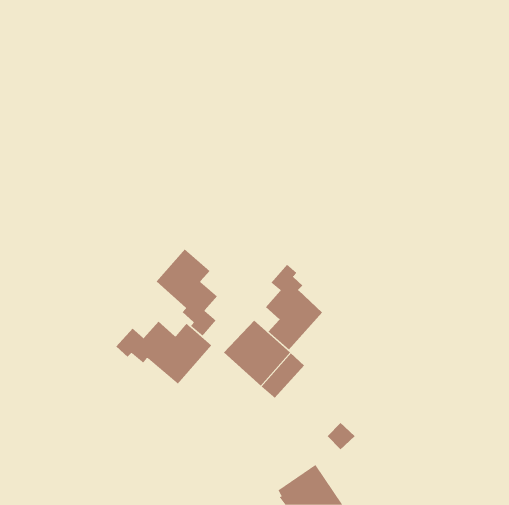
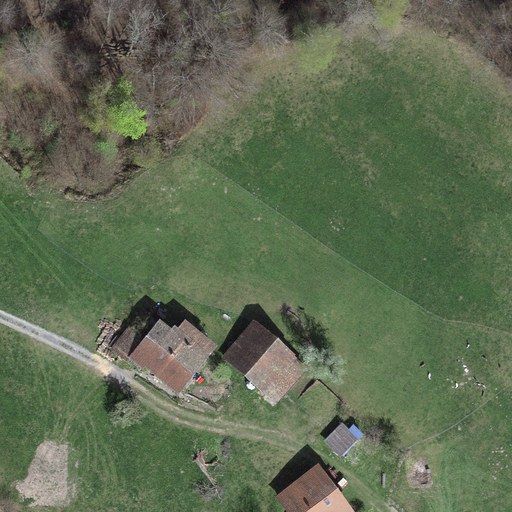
building: [156,249,218,336] -> none
building: [265,264,323,350] -> none

